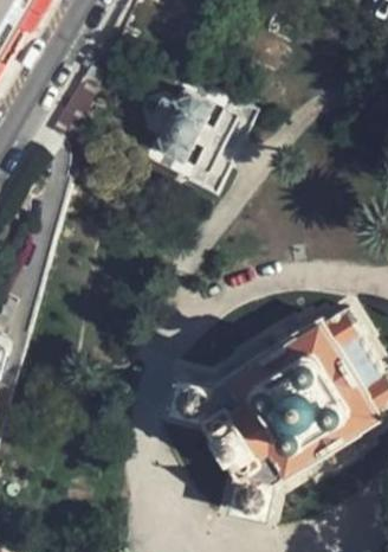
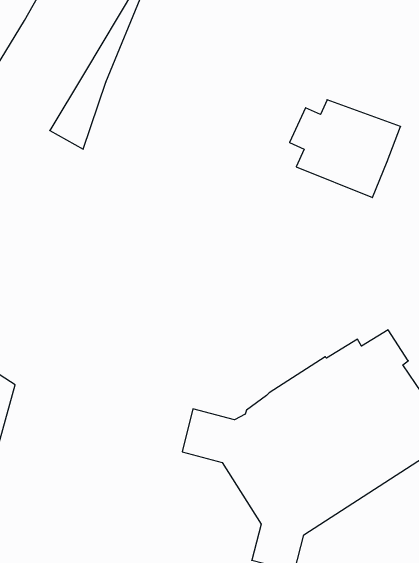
building: [151,92,250,179] -> [290,100,401,198]

